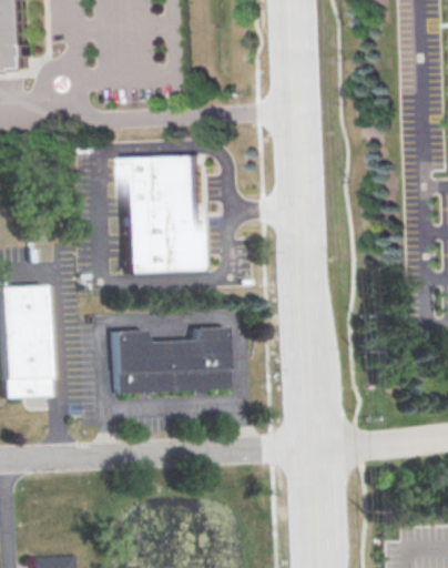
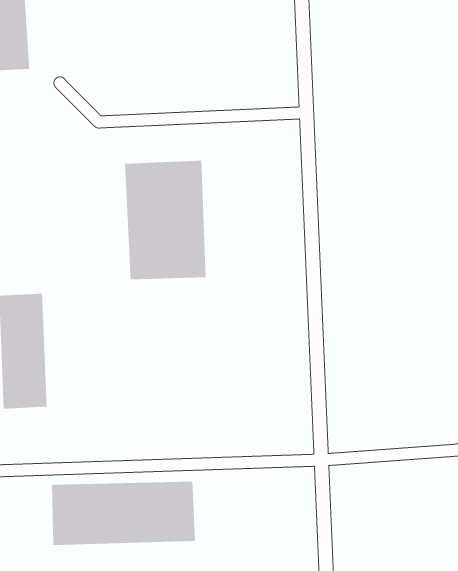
building: [113,328,230,394] -> none
building: none -> [51,481,196,546]

